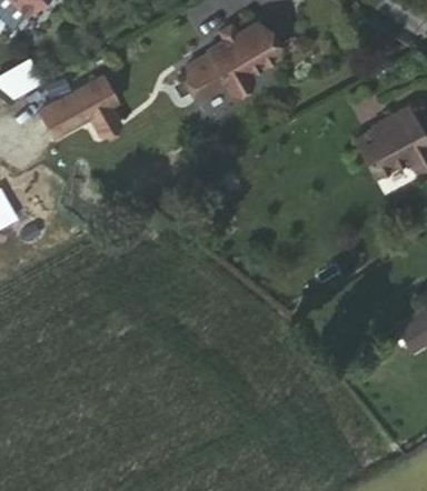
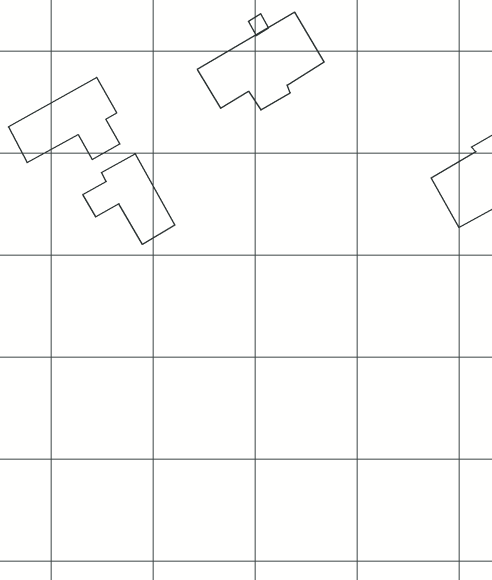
building: none -> [83,154,175,244]

